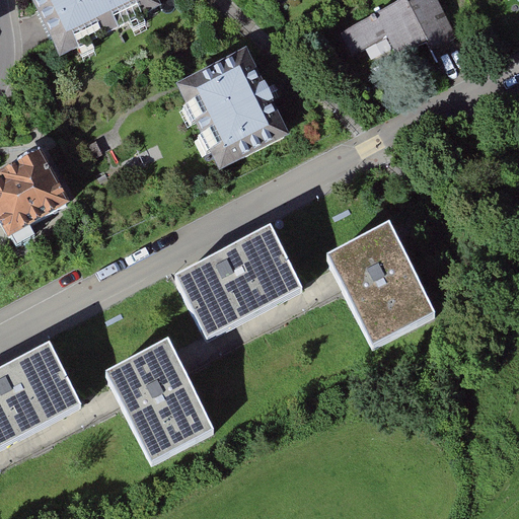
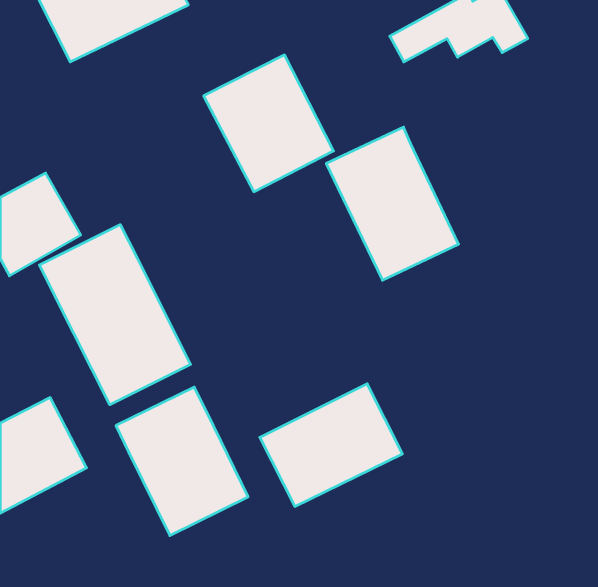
building: none -> [39,225,191,405]
building: [328,221,443,354] -> [326,127,459,280]
building: [174,224,298,330] -> [260,384,402,506]

